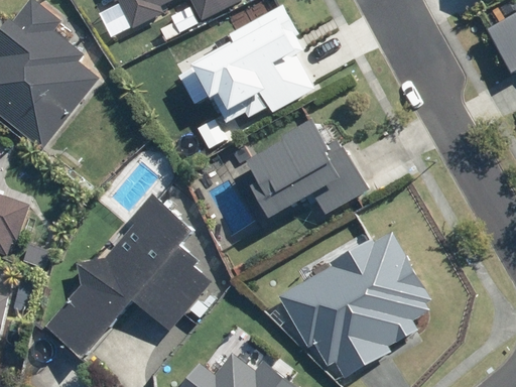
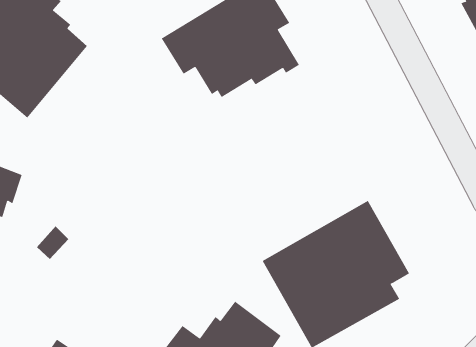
building: [246,115,369,221] -> none
building: [40,192,214,361] -> none

